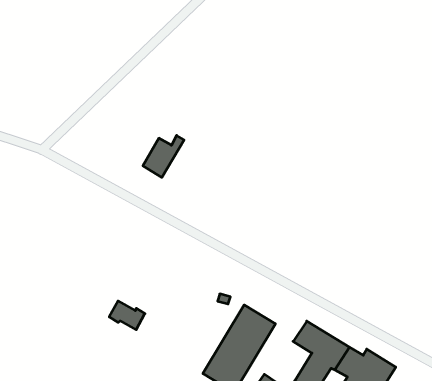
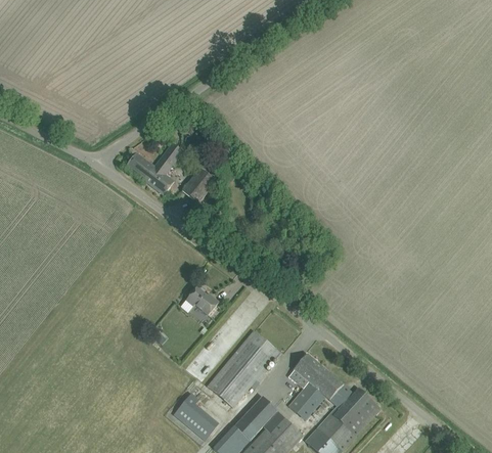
building: none -> [126,143,182,195]
building: [109,301,145,330] -> [185,286,218,315]

